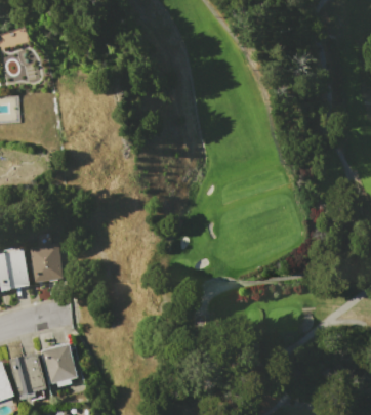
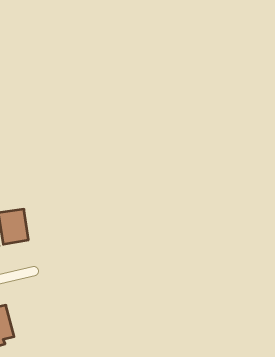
building: [42,343,78,383] -> none

